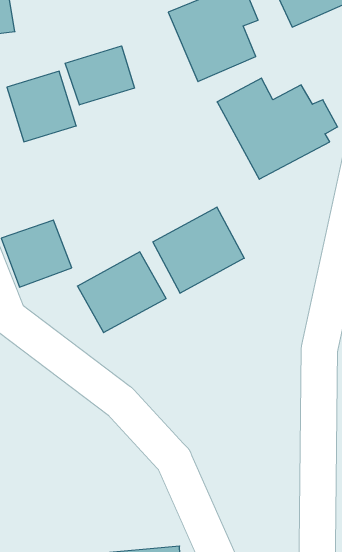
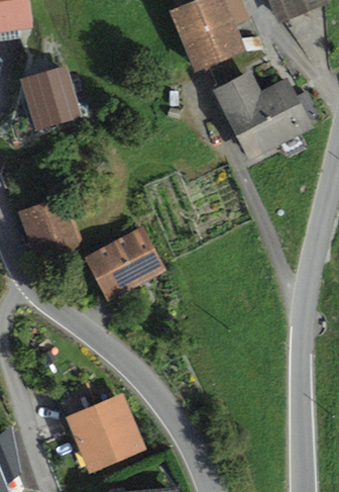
building: [65,46,135,105] -> none
building: [153,207,244,293] -> none
building: none -> [63,393,146,475]

